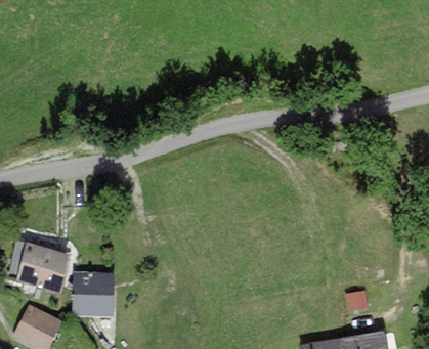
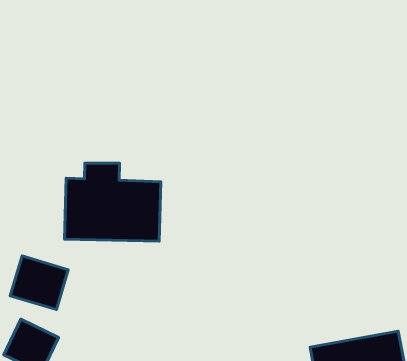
building: none -> [65,163,161,241]
building: [72,271,115,317] -> none

